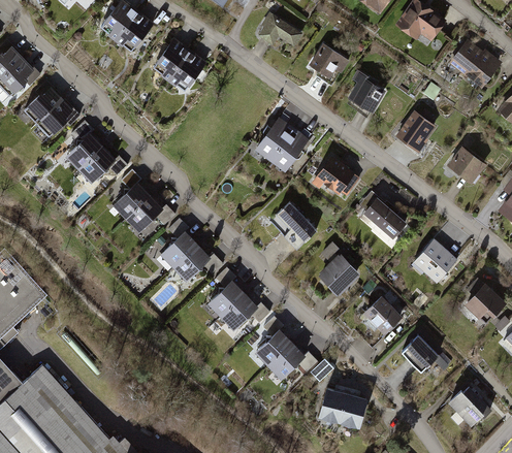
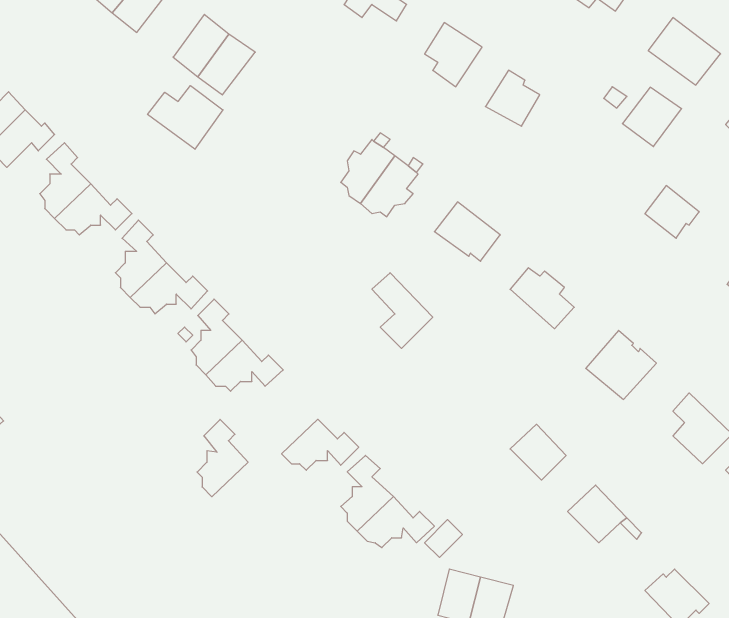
building: none -> [148,86,223,149]
building: [396,112,434,150] -> [622,87,682,147]
building: [320,256,356,292] -> none
building: [212,267,244,316] -> [197,419,248,497]

